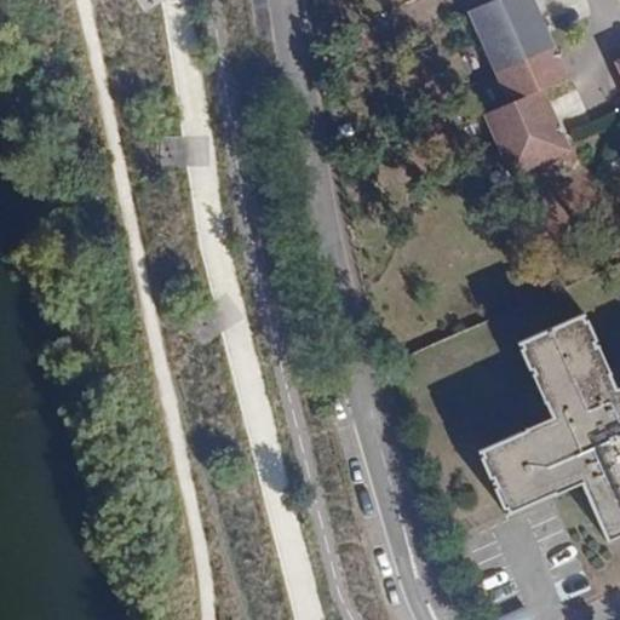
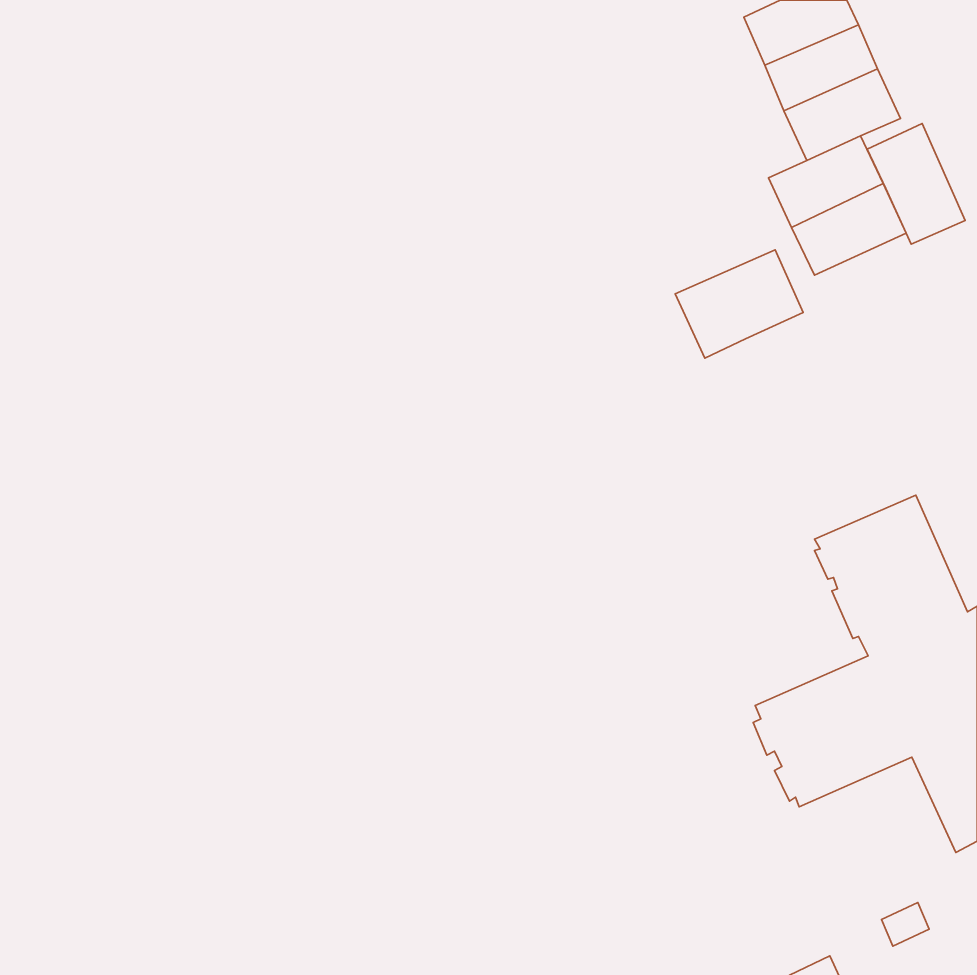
building: none -> [867,124,965,244]
building: none -> [675,250,803,358]

